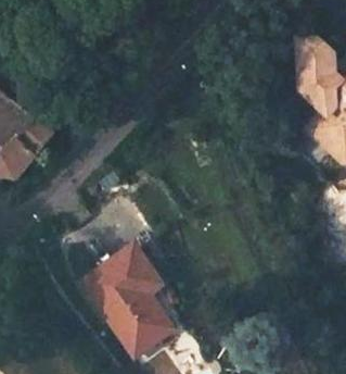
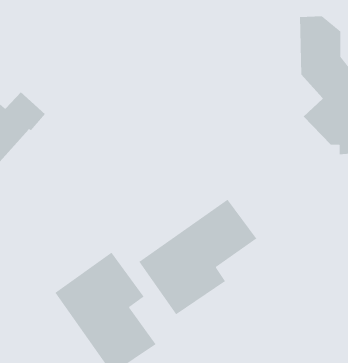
building: none -> [138,199,257,315]

